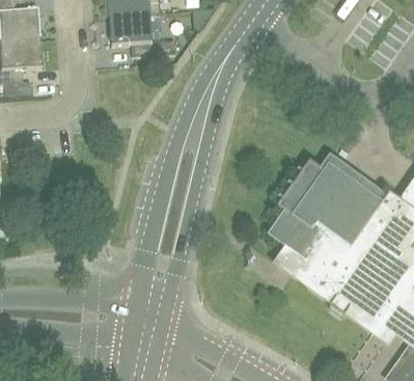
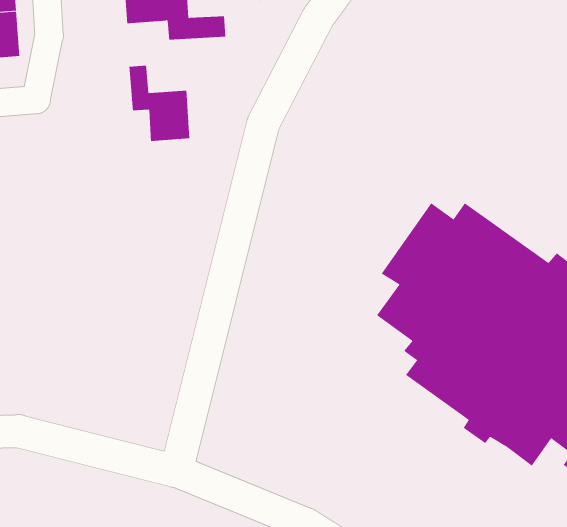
building: none -> [129,65,190,142]

